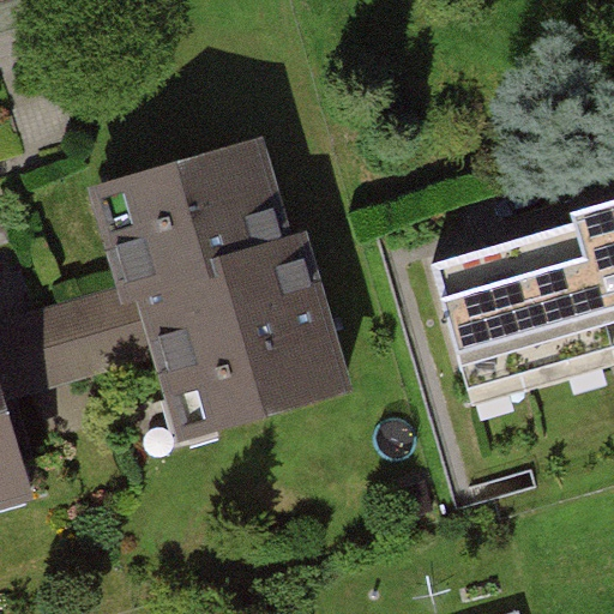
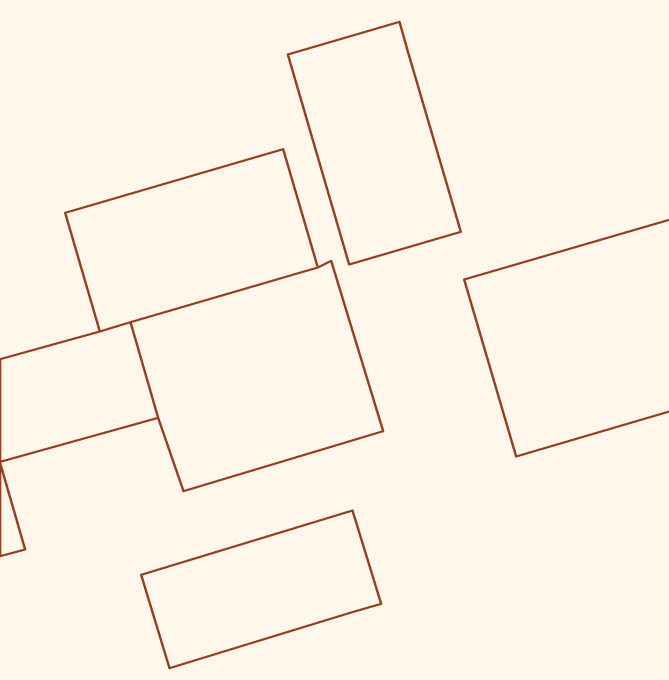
building: none -> [288,22,461,265]
building: none -> [141,510,381,668]

